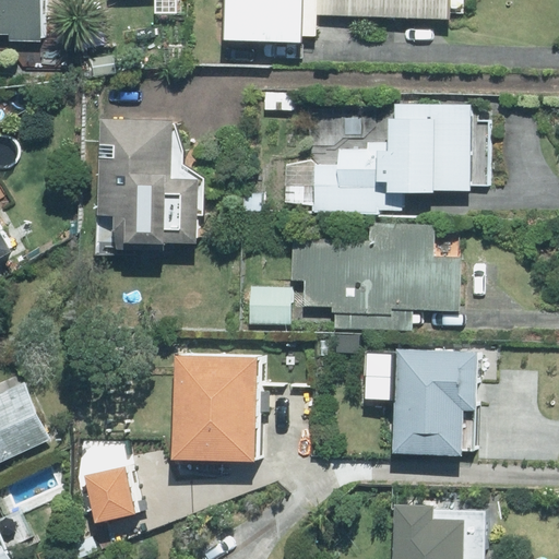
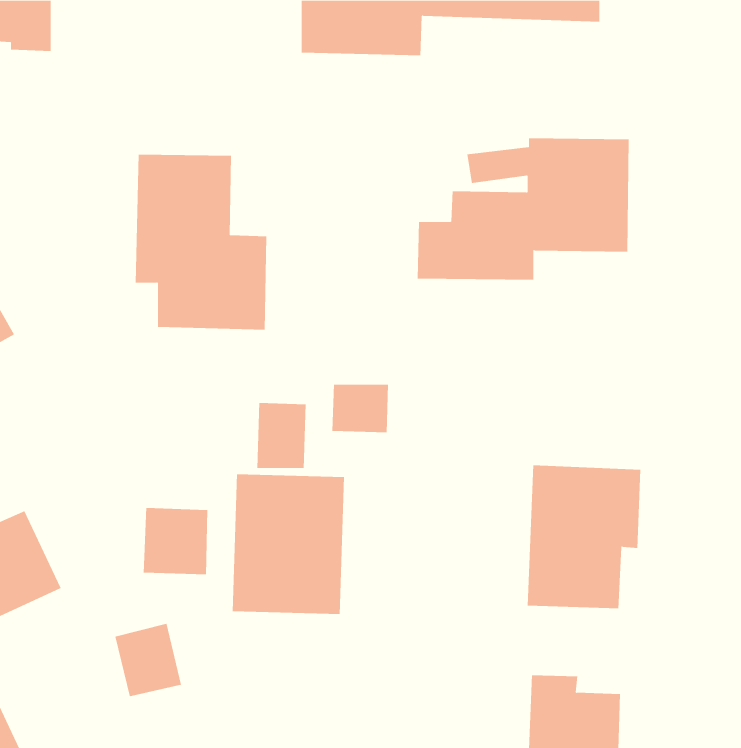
building: [286,224,460,330] -> none
building: none -> [257,402,306,469]
building: none -> [143,507,208,575]

